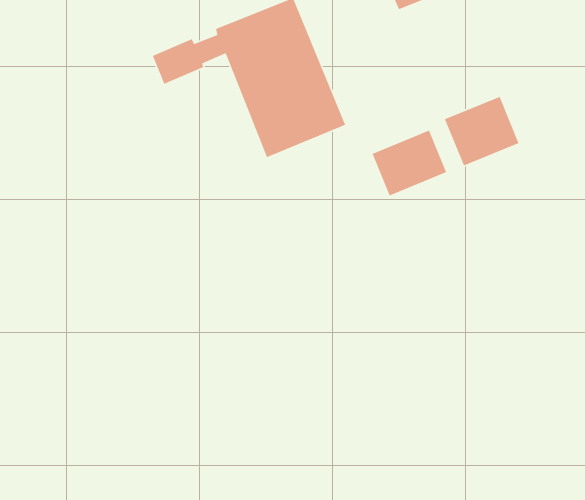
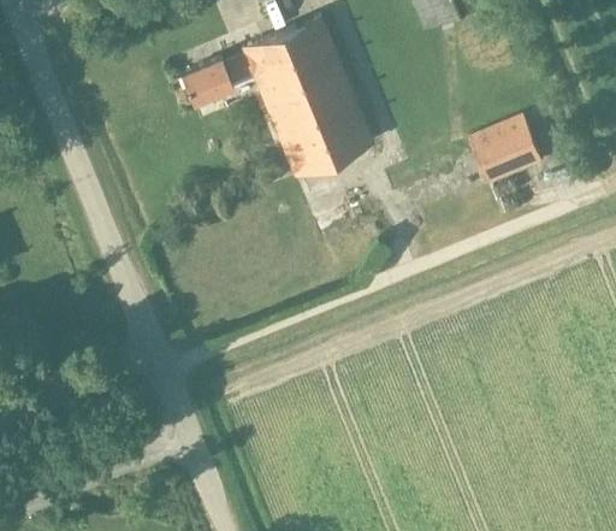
building: [371,129,447,196] -> none

